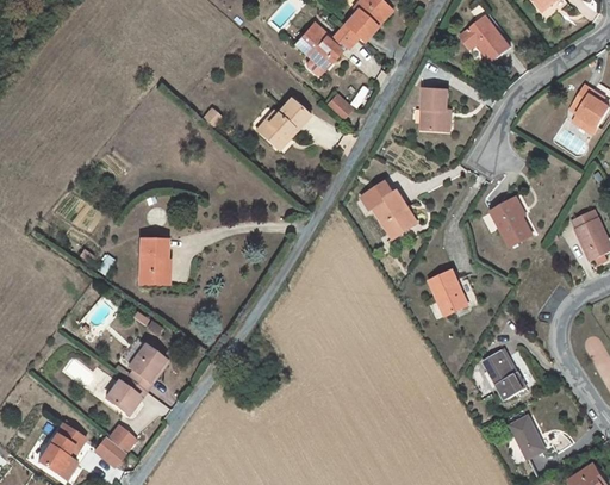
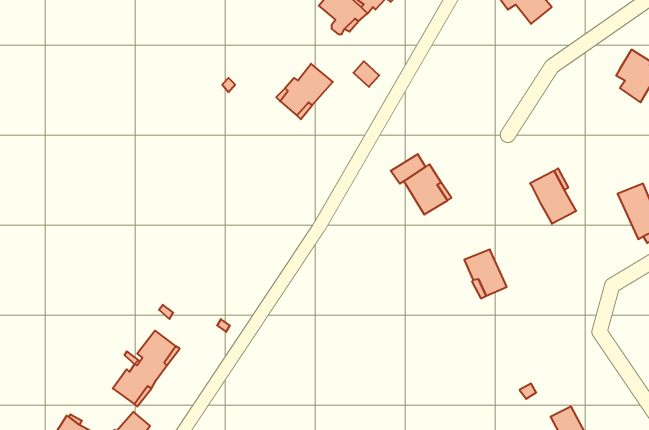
building: [423,88,448,131] -> none
building: [139,241,166,284] -> none
building: [483,350,528,400] -> none

